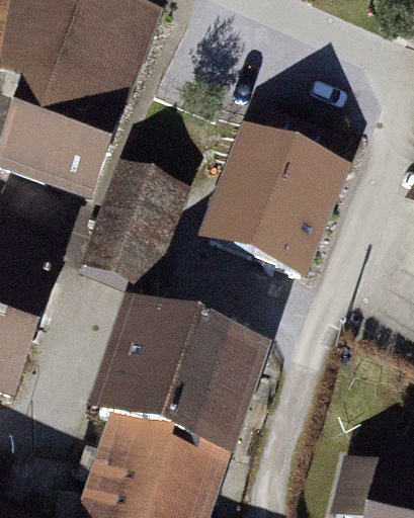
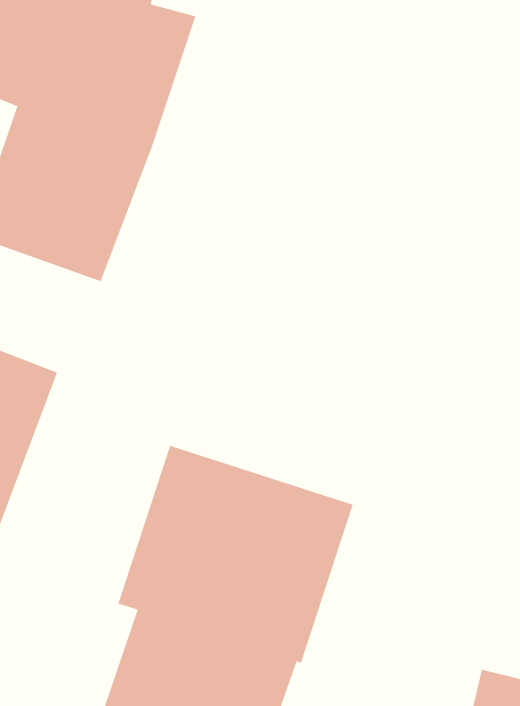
building: [205,118,338,276] -> none
building: [82,168,172,292] -> none

